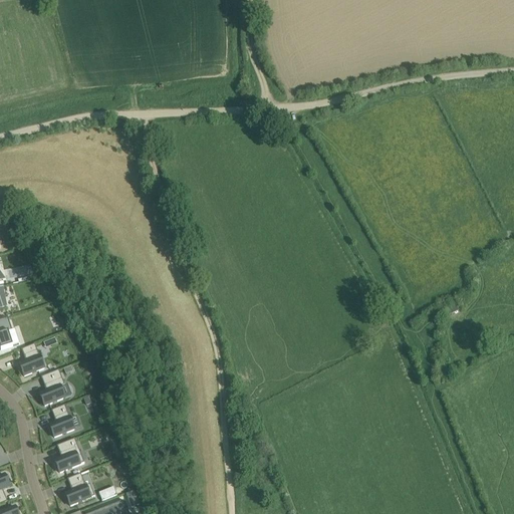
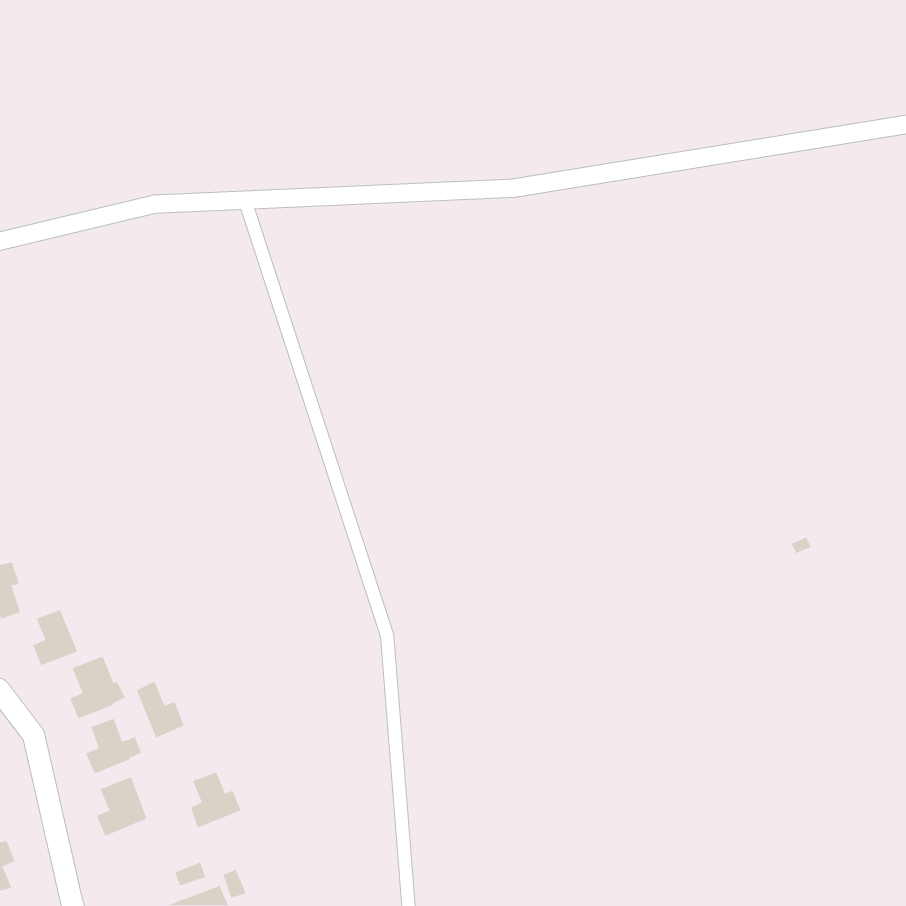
building: none -> [136,680,185,739]
building: [65,474,94,506] -> [190,772,242,828]

